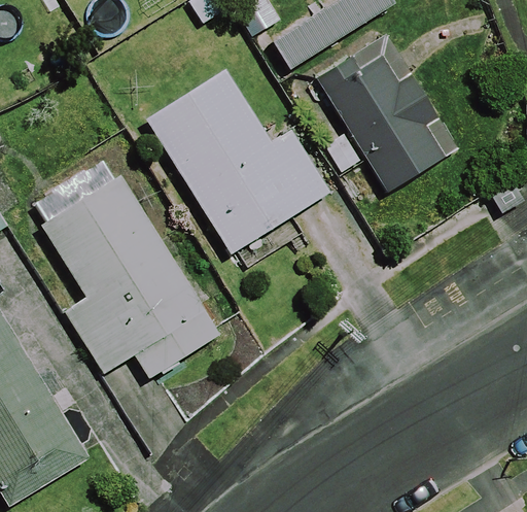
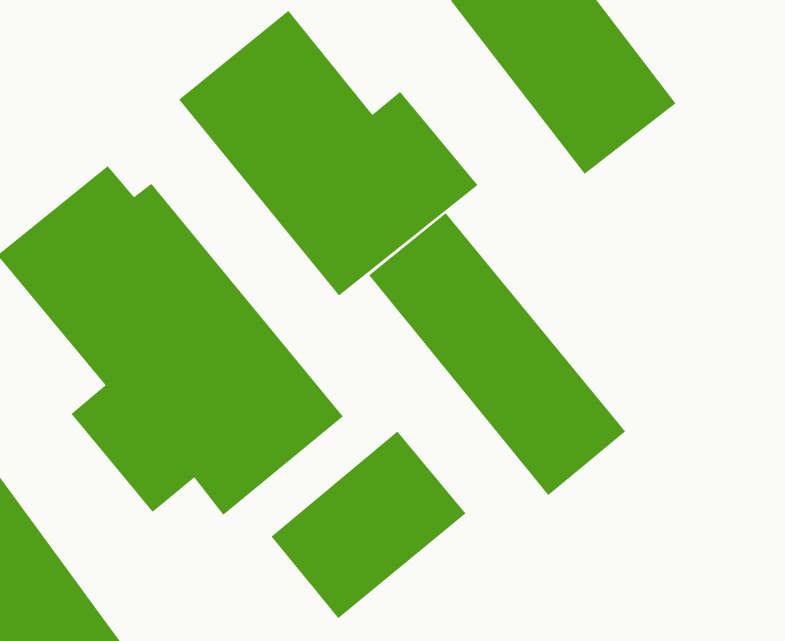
building: none -> [368,212,626,496]
building: none -> [270,430,467,619]

